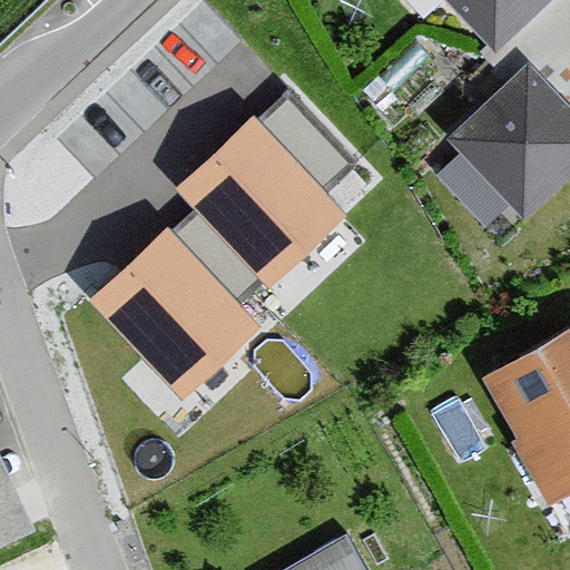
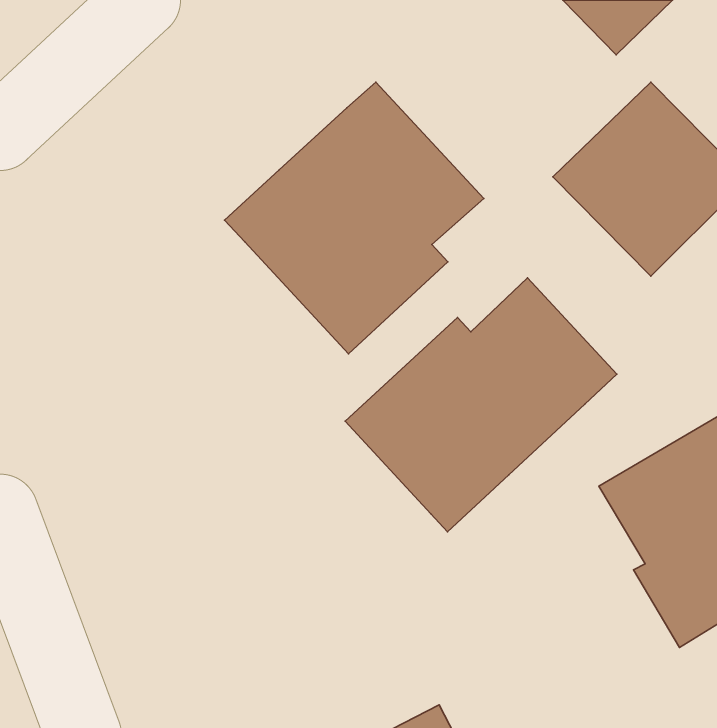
building: [98,193,284,394] -> none
building: none -> [345,278,617,532]

